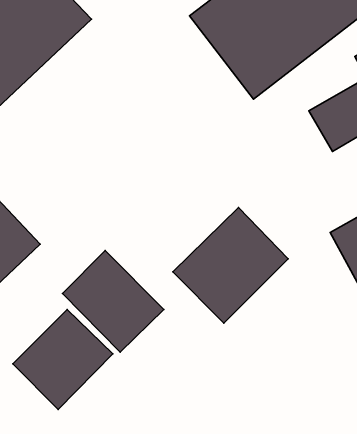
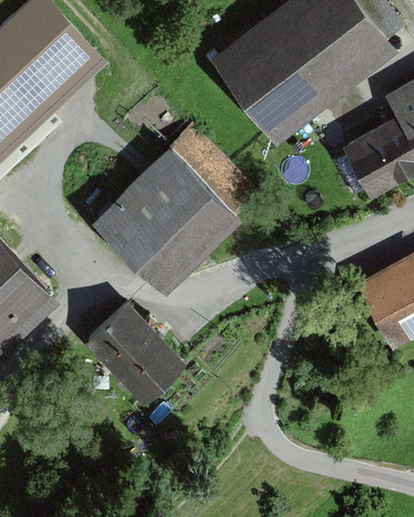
building: none -> [98,130,251,282]
building: [173,208,288,323] -> none
building: [13,309,113,409] -> none

